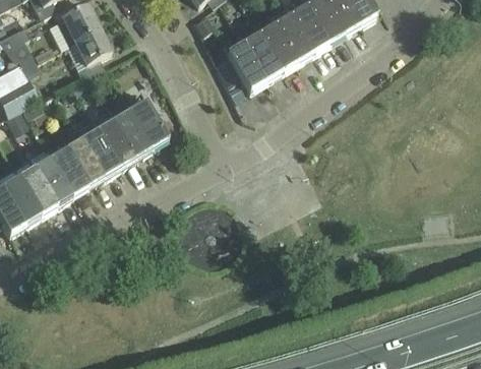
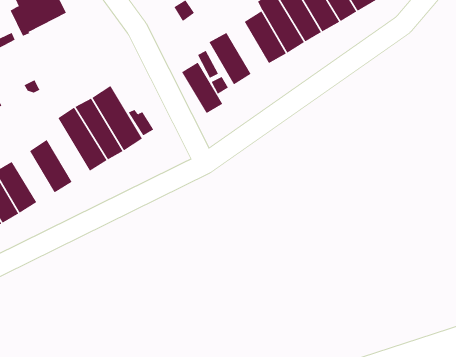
building: [64,25,110,76] -> none
building: [241,34,279,80] -> [181,62,223,114]
building: [73,120,118,177] -> none
building: [49,149,86,195] -> none

